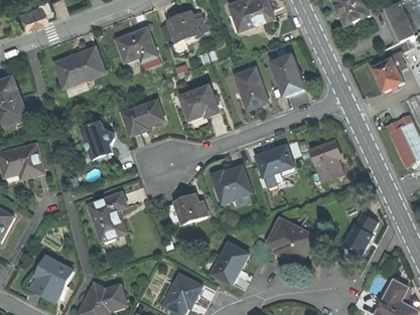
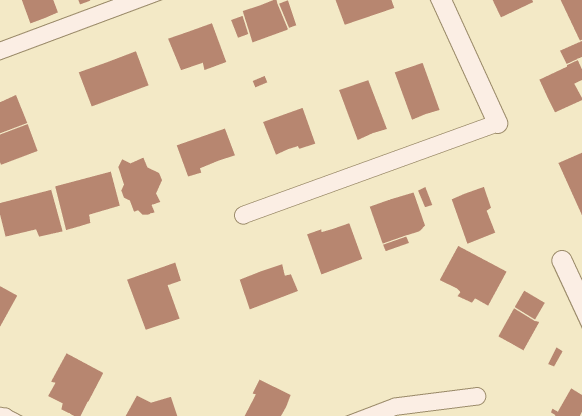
building: none -> [55,171,121,231]
building: [267,218,314,261] -> [439,245,508,306]
building: [211,243,248,285] -> none

